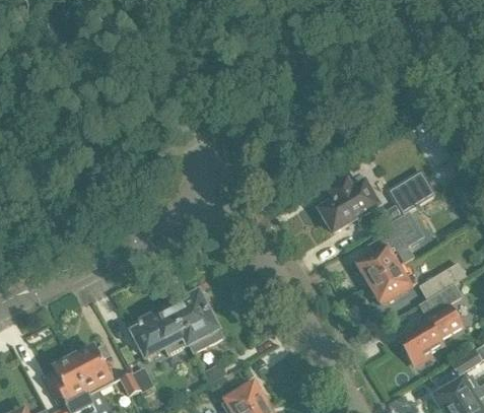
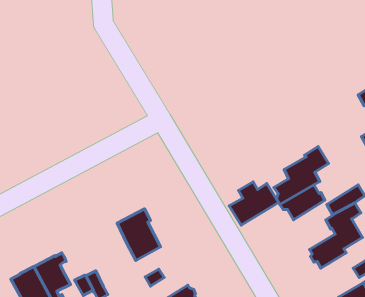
building: [382,173,433,222] -> none
building: [319,180,377,231] -> [229,182,279,225]
building: [133,307,187,354] -> none

